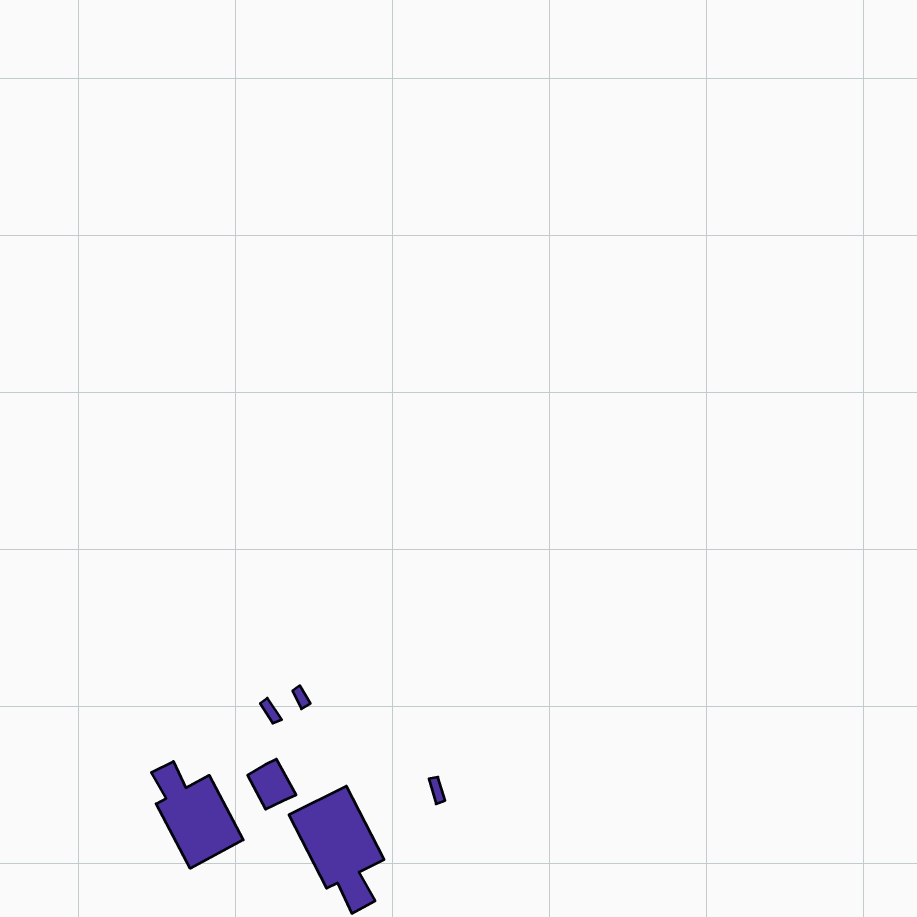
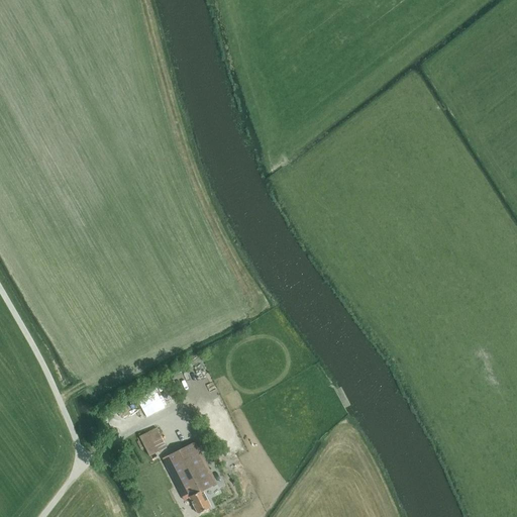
building: [151,761,243,868] -> none

